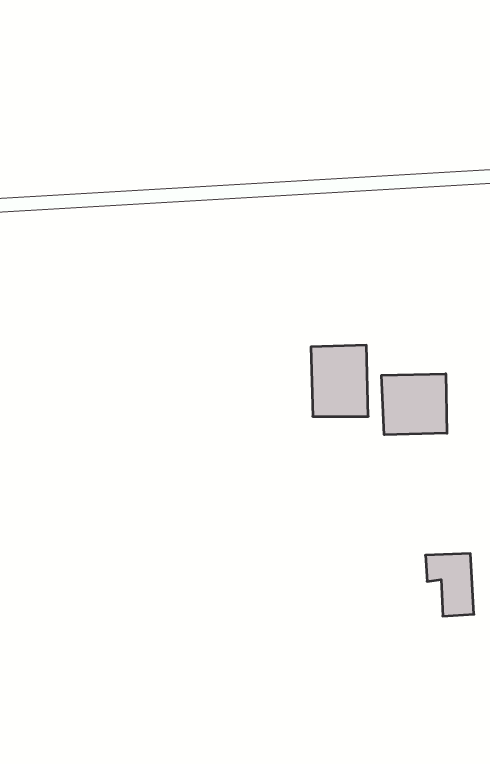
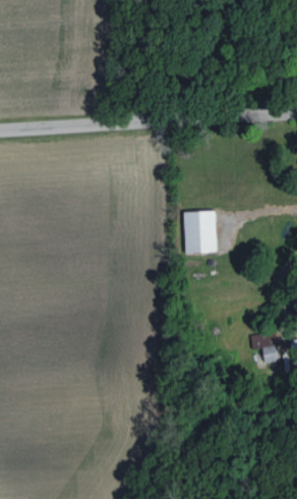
building: [382,374,447,435] -> none

